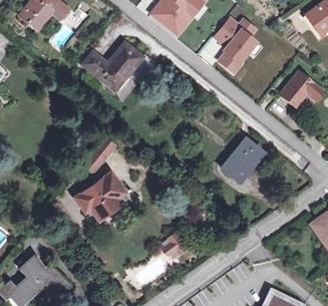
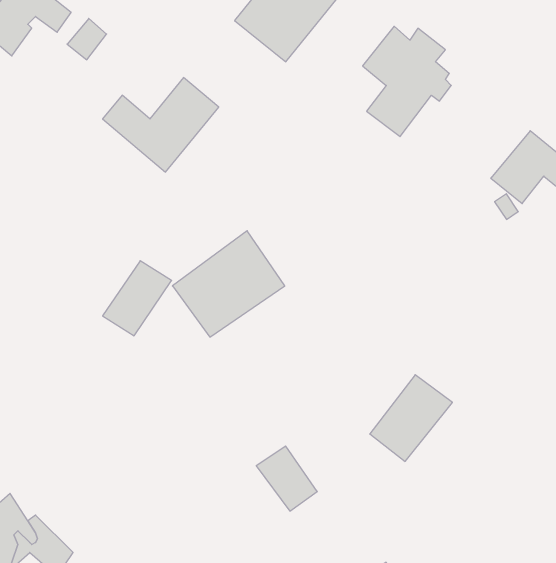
building: [219,136,261,181] -> [370,375,452,461]
building: [74,170,131,224] -> [172,231,285,337]

